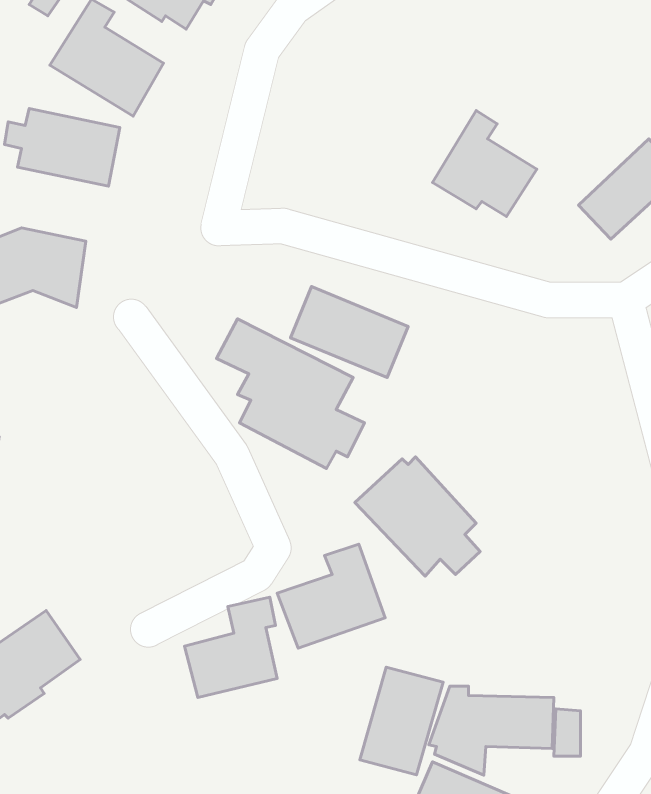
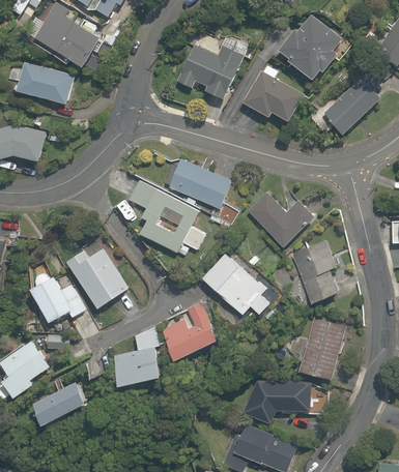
building: none -> [278,13,344,80]
building: none -> [176,37,243,100]
building: none -> [251,197,315,249]
building: none -> [294,242,336,302]
building: none -> [64,246,127,307]
building: none -> [24,268,88,323]
building: [360,667,443,775] -> [300,319,345,378]
building: none -> [31,381,85,421]

